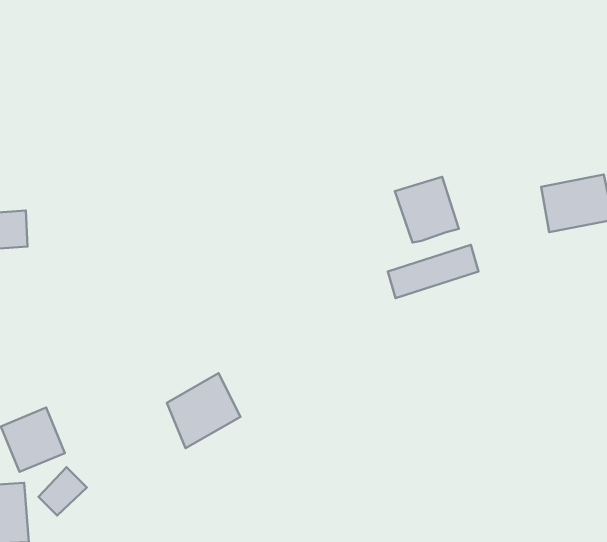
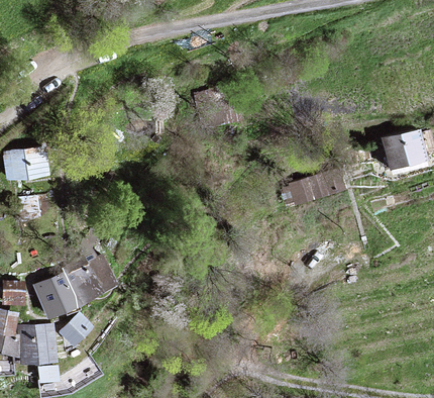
building: [395,177,459,243] -> none
building: [167,373,240,448] -> [65,258,112,306]

